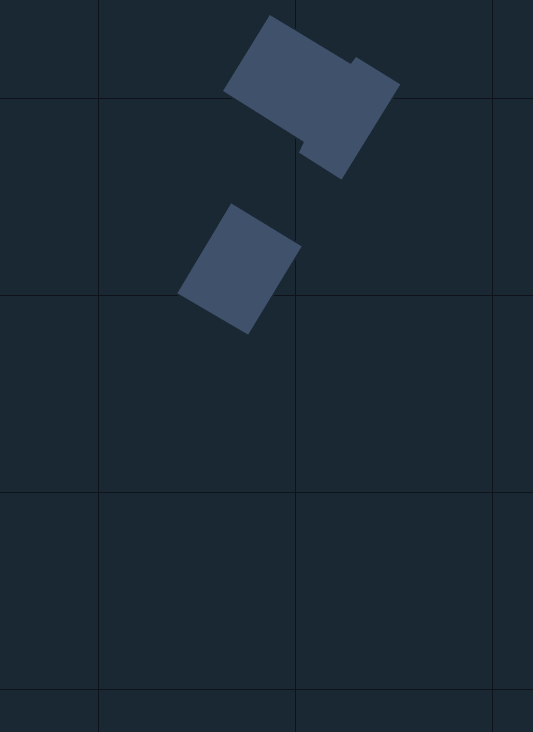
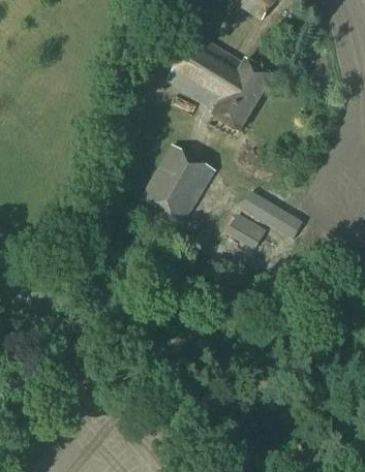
building: none -> [241,190,303,239]
building: none -> [226,213,266,249]

